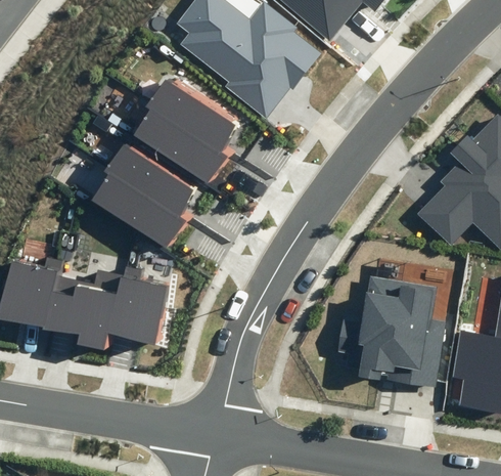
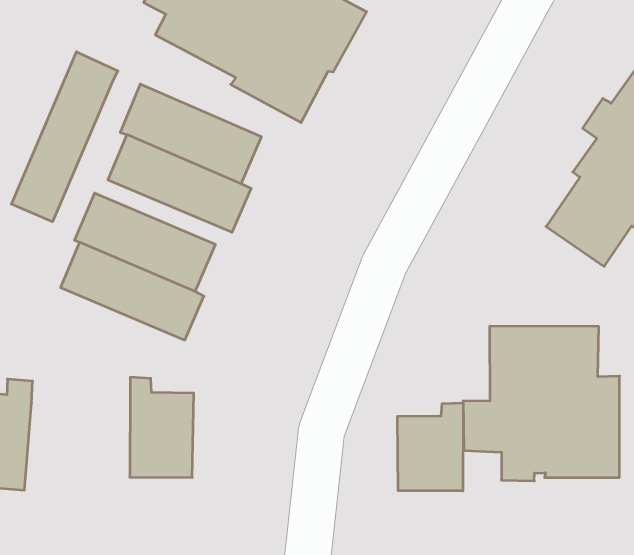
building: none -> [11,52,118,222]
building: [45,266,126,350] -> none
building: none -> [398,403,463,491]

